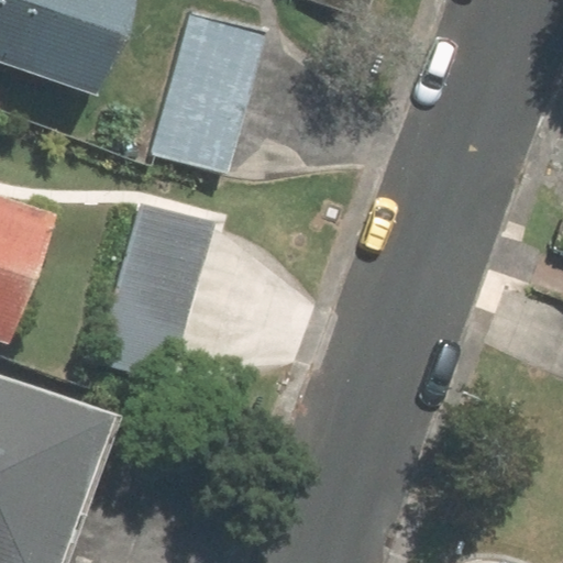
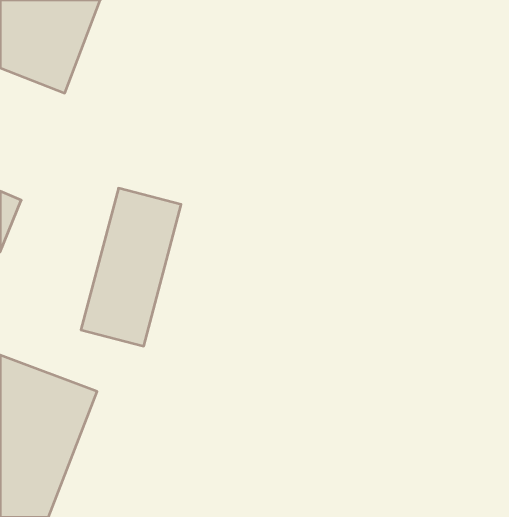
building: [155,11,263,169] -> none

